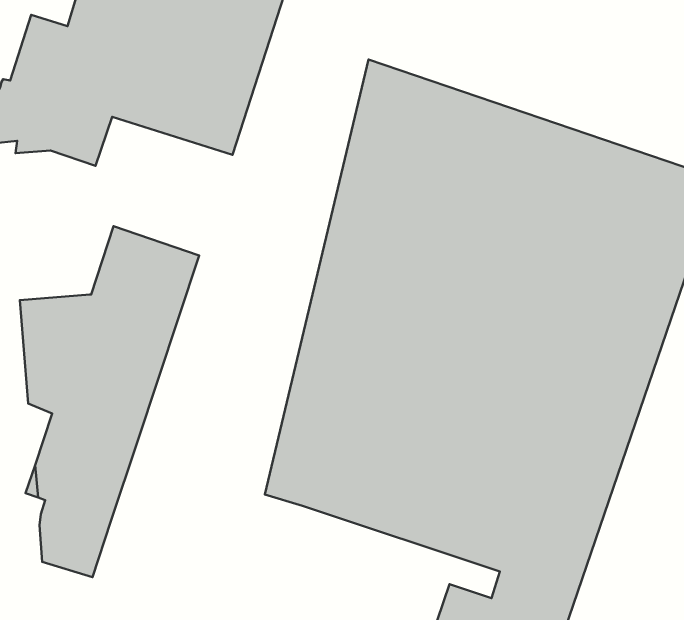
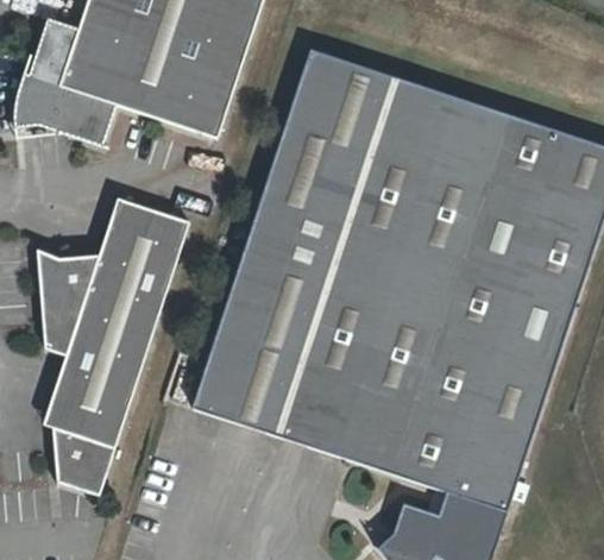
building: none -> [191,46,333,424]

